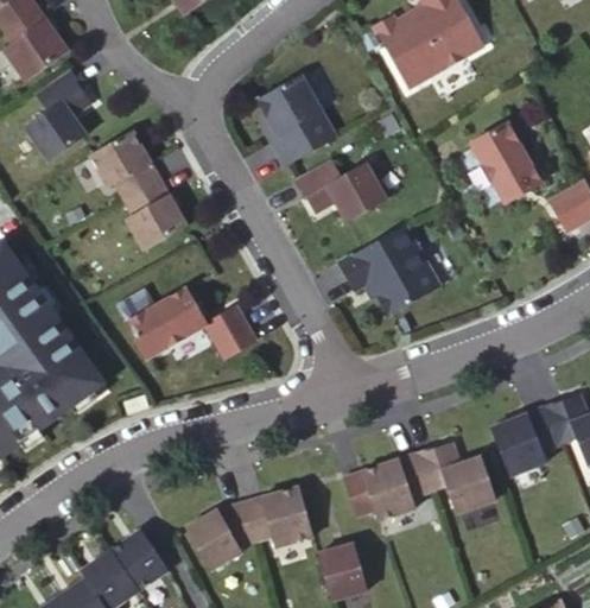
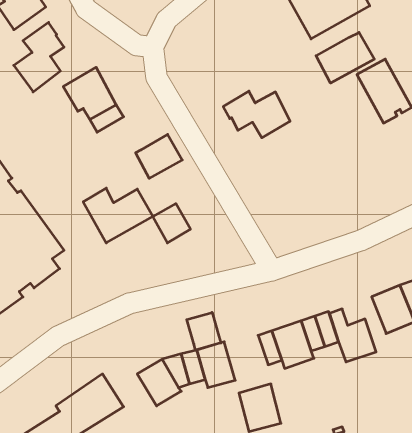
building: [256,75,334,165] -> none
building: none -> [316,32,374,83]
building: [126,194,186,251] -> [136,134,182,178]
building: [337,223,440,315] -> none
building: none -> [187,312,221,350]

